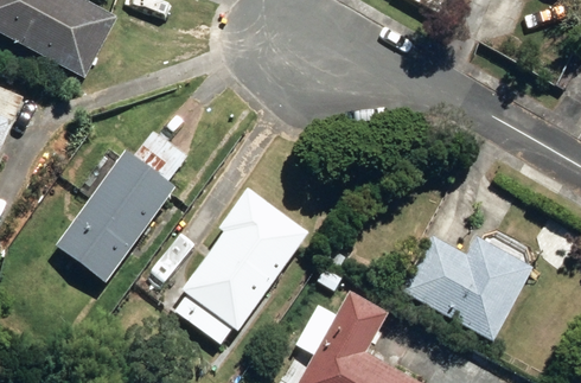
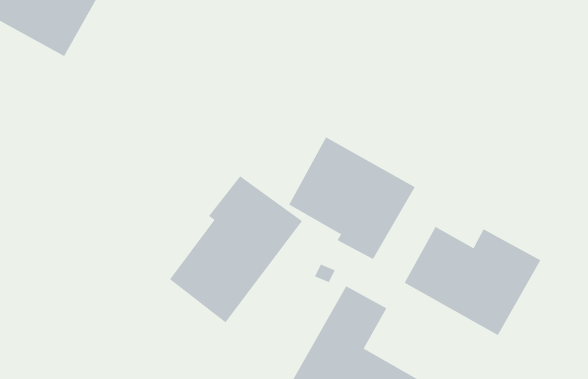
building: [58,151,177,280] -> none
building: none -> [288,136,416,260]

